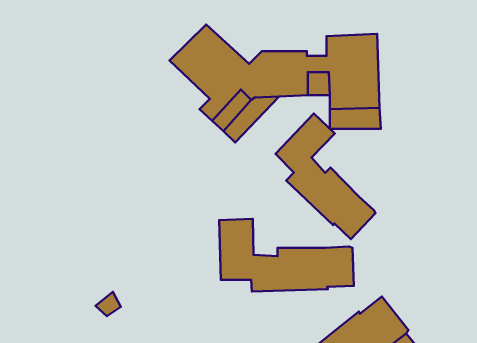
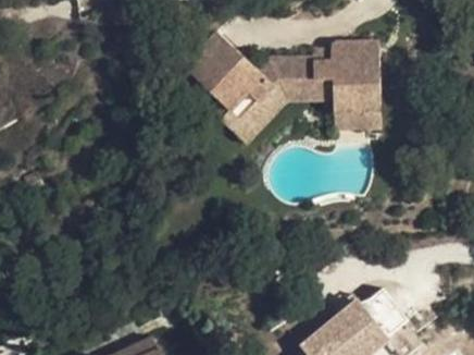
building: [276,114,375,239] -> none
building: [219,219,354,292] -> none

